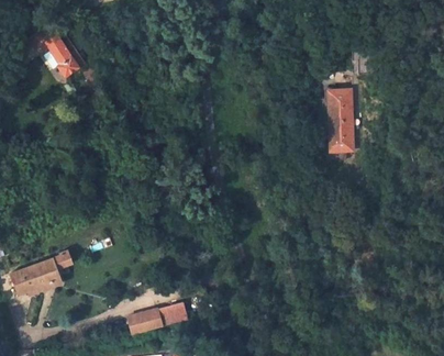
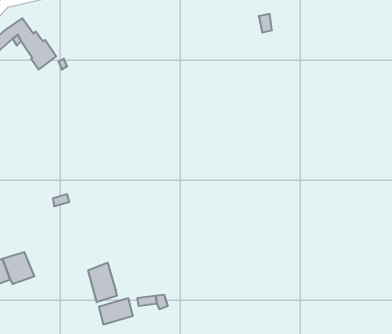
building: [330,90,353,151] -> none
building: none -> [88,263,117,302]

